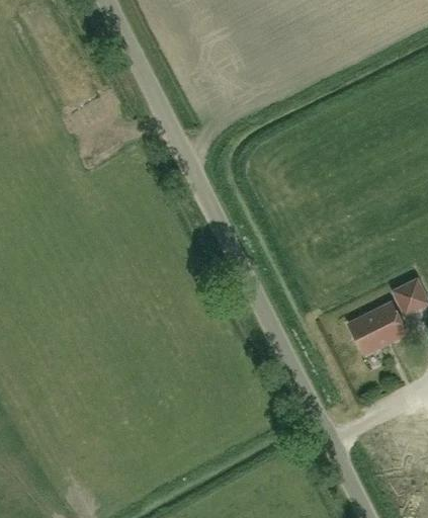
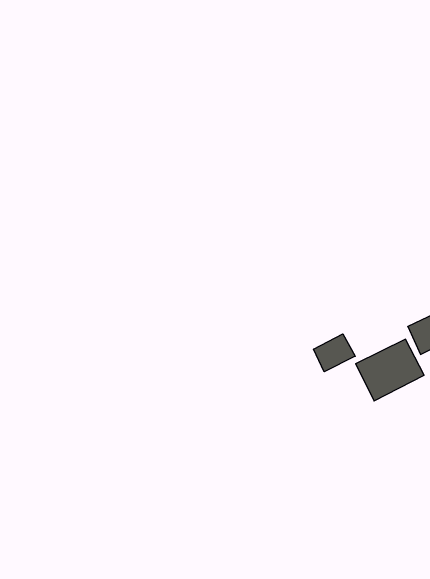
building: none -> [314,334,355,372]

